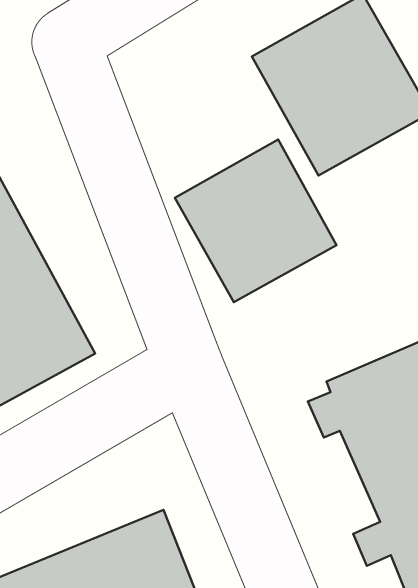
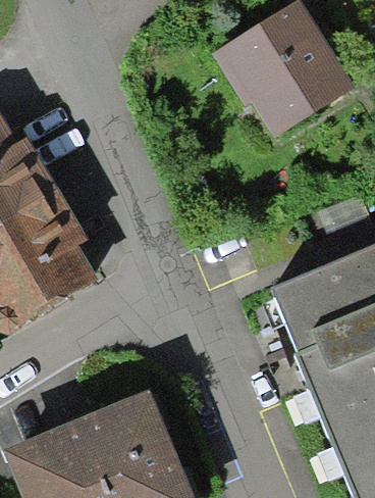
building: [175,139,336,302] -> none

